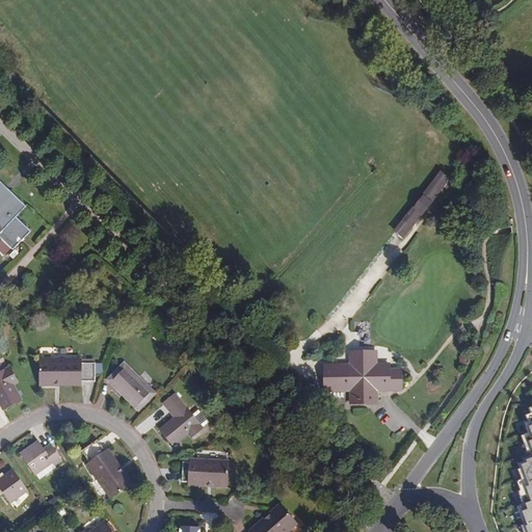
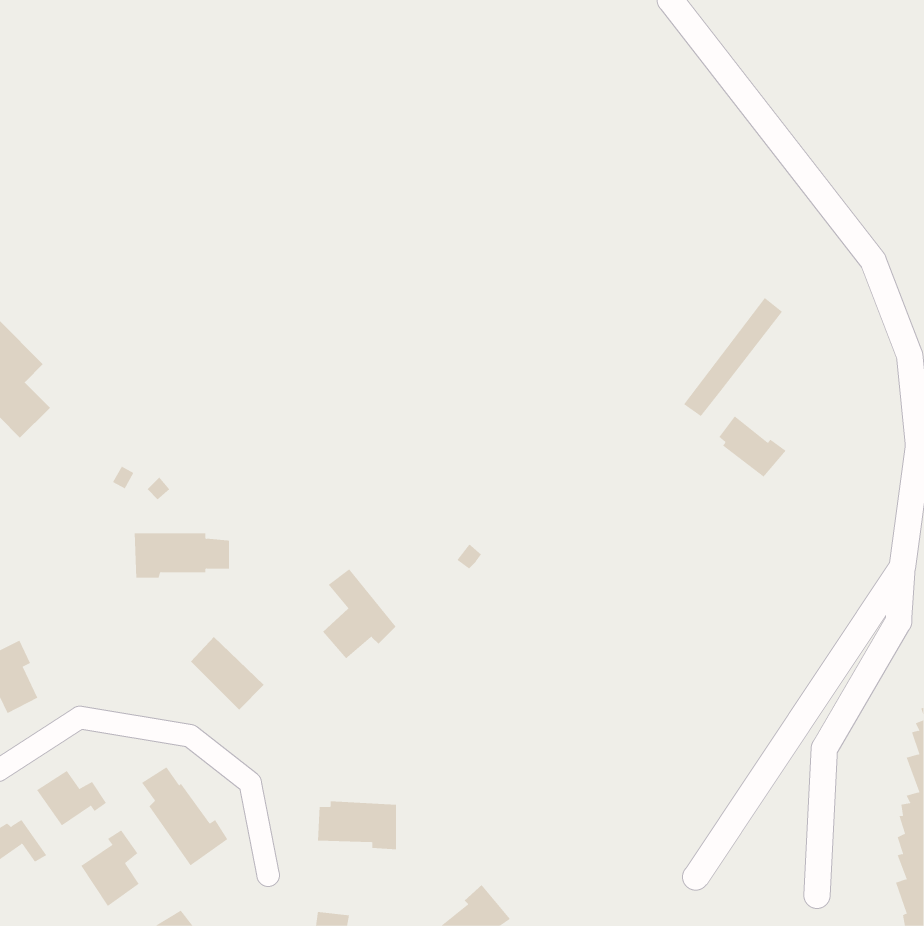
building: none -> [718,416,787,477]
building: [322,350,401,404] -> none
building: [39,360,95,385] -> [134,533,230,578]
building: [159,394,202,446] -> [322,569,397,659]
building: none -> [80,830,140,907]

